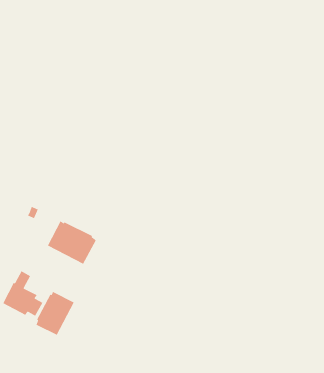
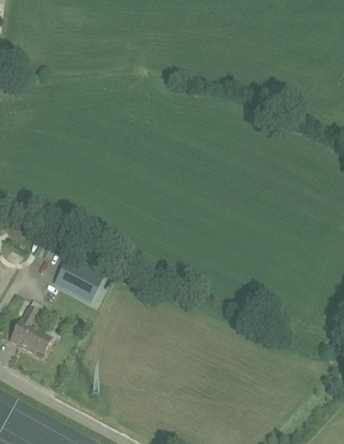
building: [35,291,75,336] -> none

